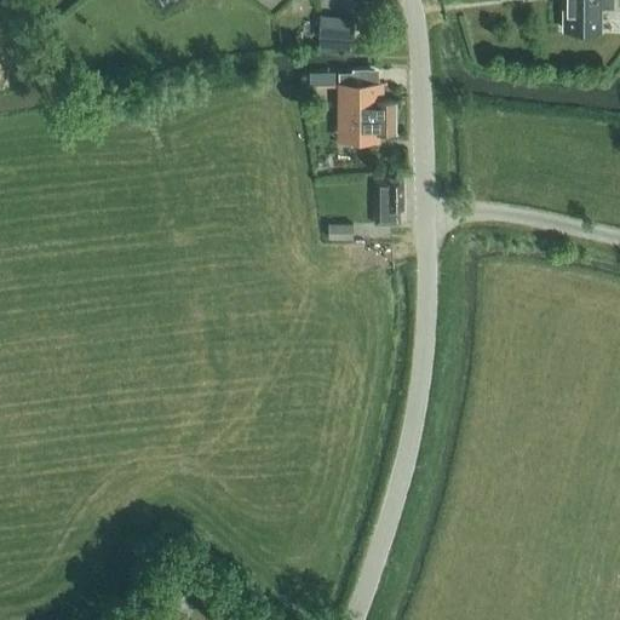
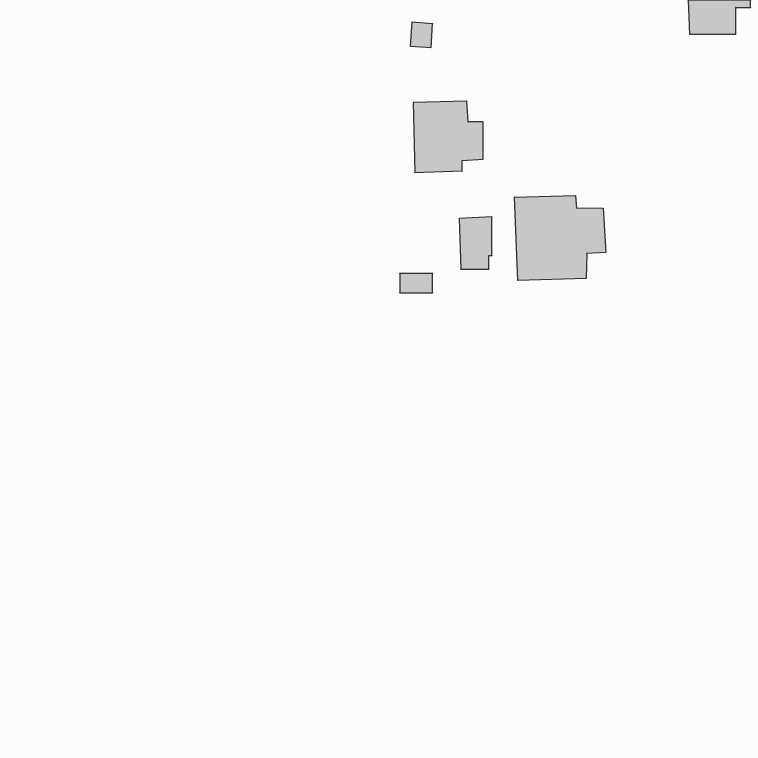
building: none -> [515,196,606,280]

